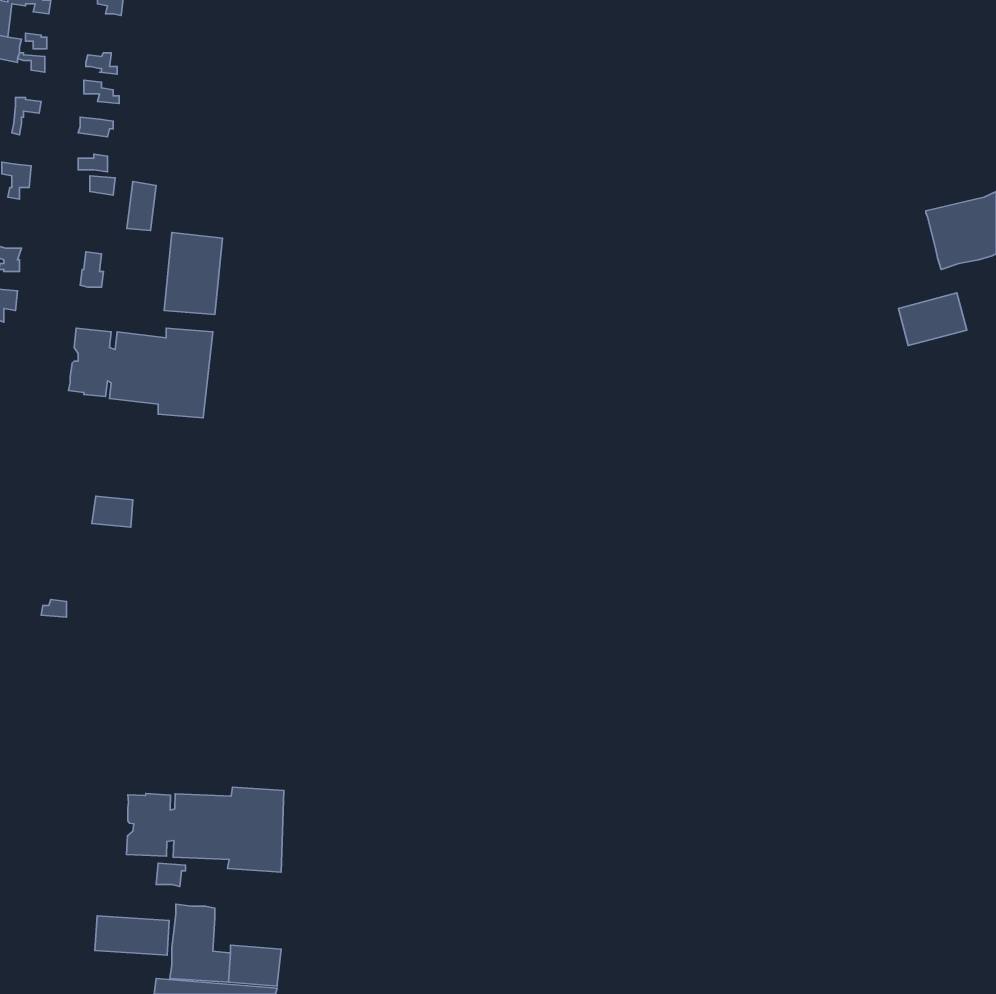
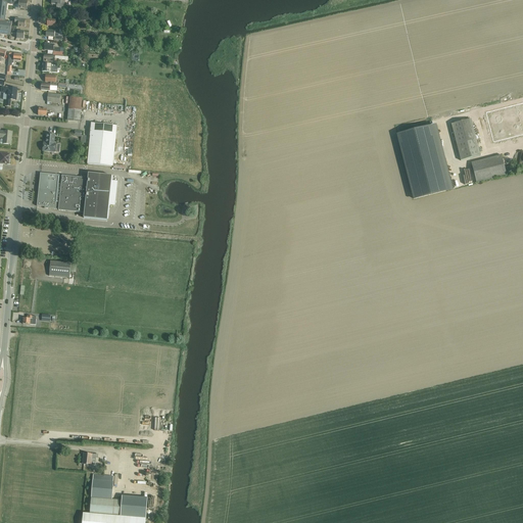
building: none -> [450,117,479,159]
building: none -> [395,123,451,198]
building: [126,787,284,872] -> none
building: [95,916,169,955] -> none

